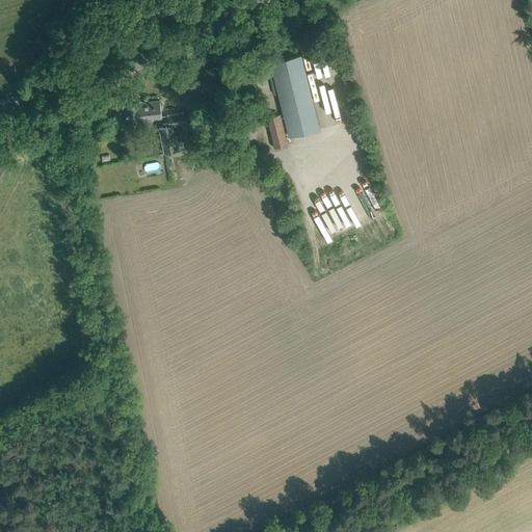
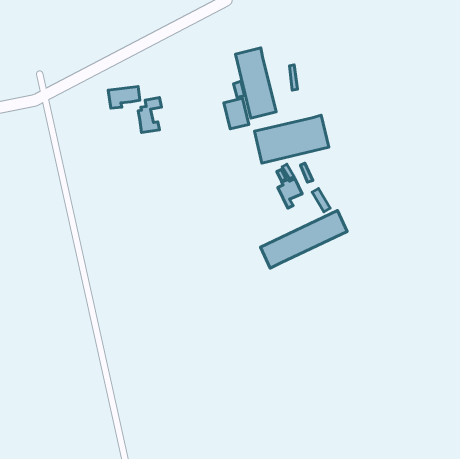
building: none -> [254,115,329,163]
building: none -> [260,210,347,268]

